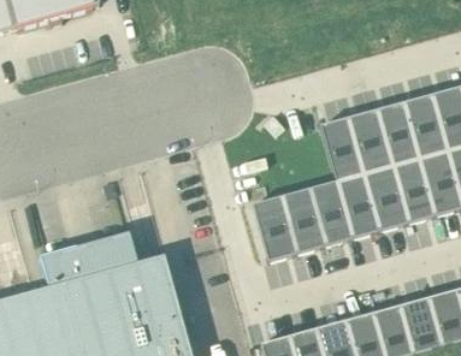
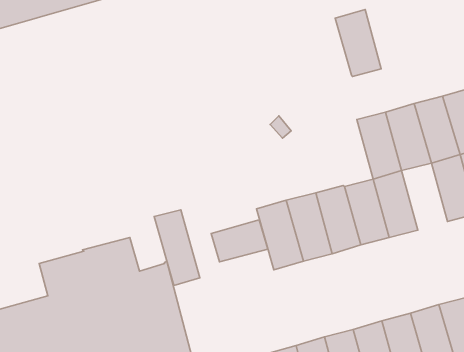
building: [319,118,364,183] -> [335,9,381,76]
building: [391,160,436,225] -> none
building: none -> [154,210,200,286]
building: none -> [211,220,268,262]

